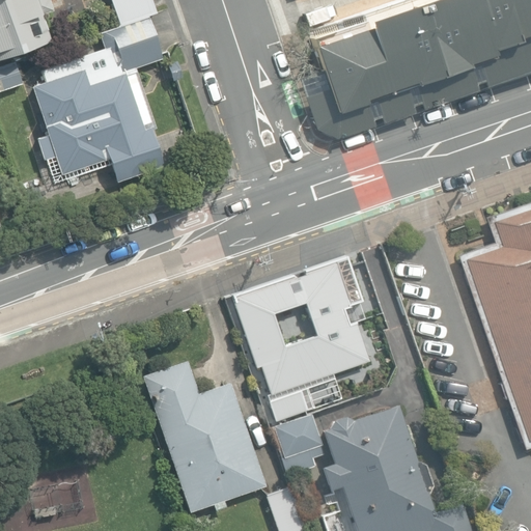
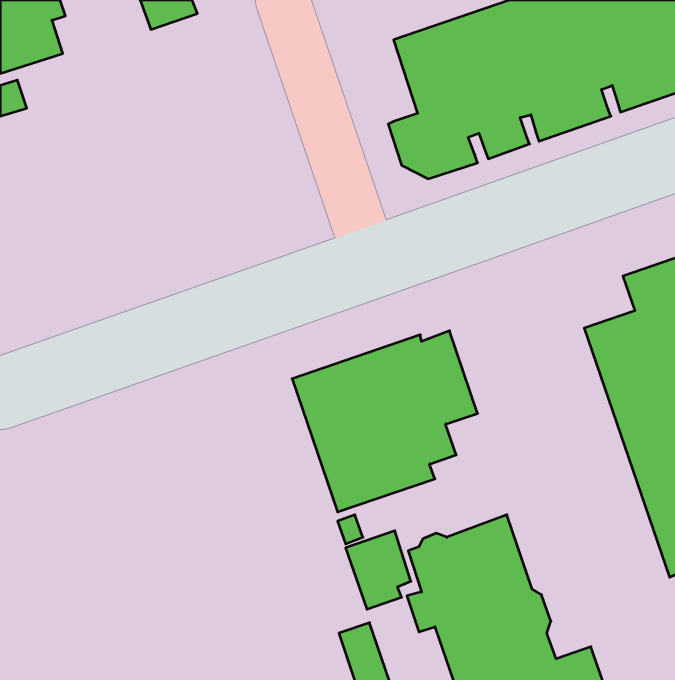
building: [33,20,168,180] -> none
building: [142,360,267,512] -> none

